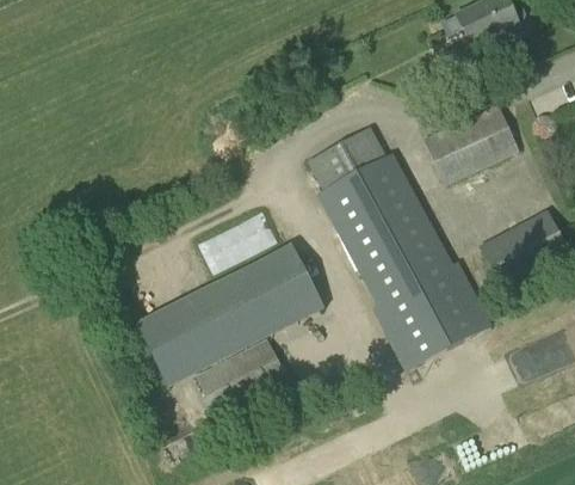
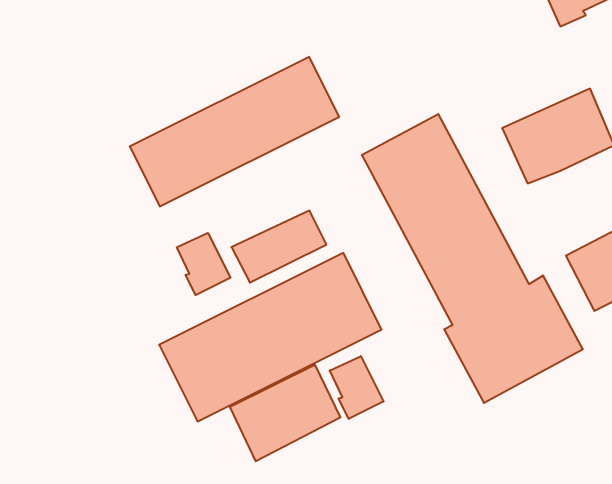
building: none -> [130,57,339,207]
building: none -> [177,233,230,295]
building: none -> [330,356,384,419]

